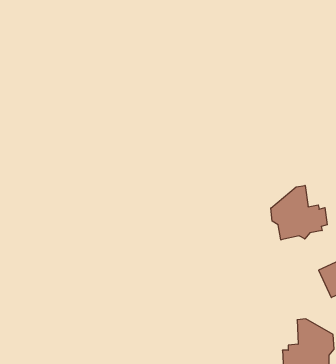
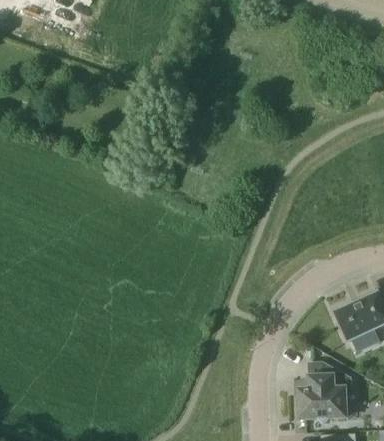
building: [271,185,327,240] -> none

